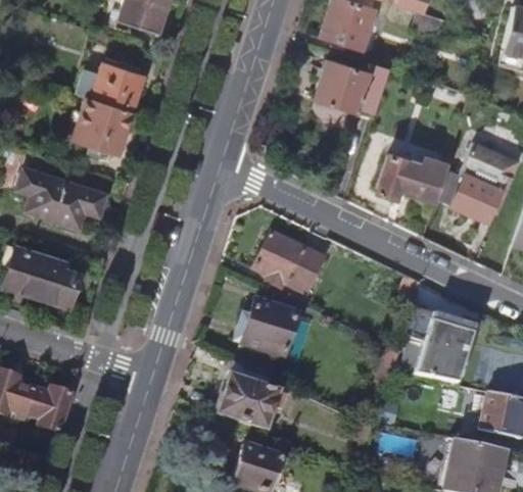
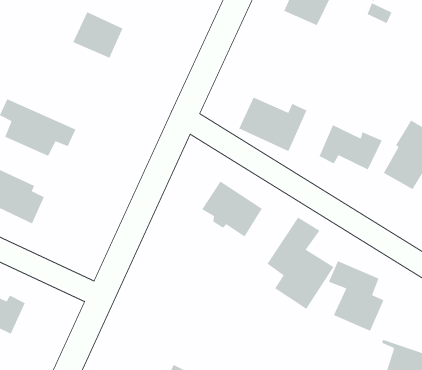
building: [316,60,390,117] -> [238,97,307,152]
building: [72,96,134,155] -> none
building: none -> [266,217,335,310]
building: [237,299,298,355] -> none
building: [219,360,279,429] -> none

